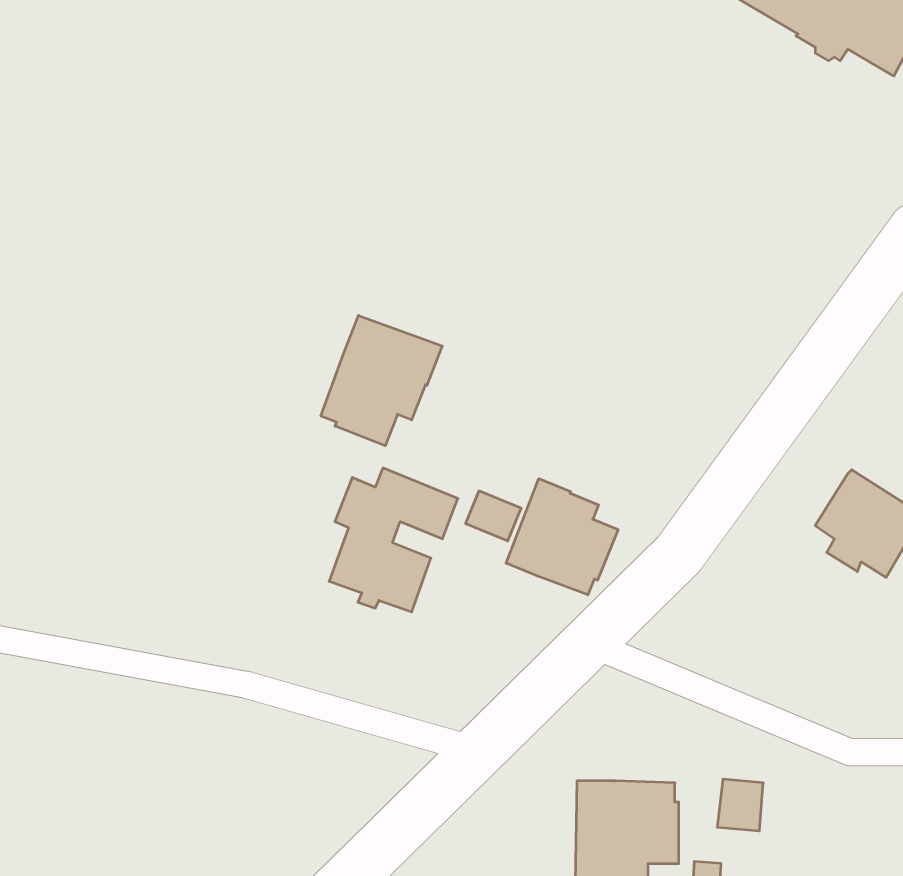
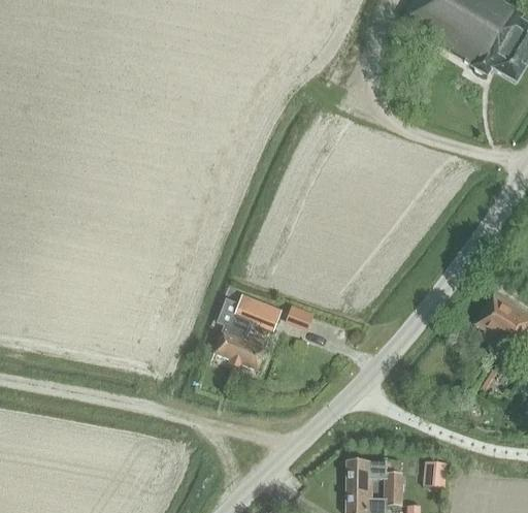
building: [321,315,442,446] -> none
building: [506,479,618,595] -> none

